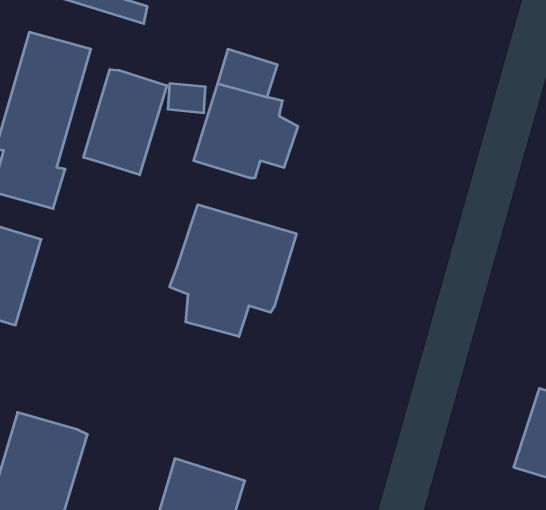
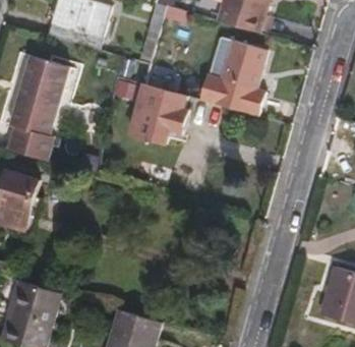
building: none -> [198,42,264,117]
building: [84,69,167,175] -> none
building: [170,205,296,337] -> none

